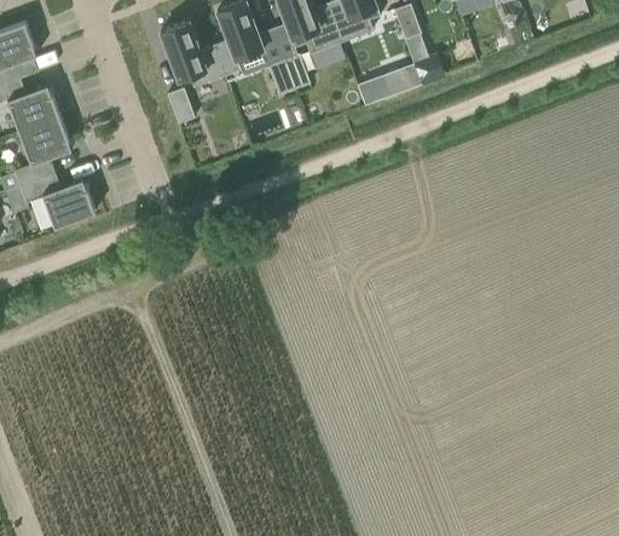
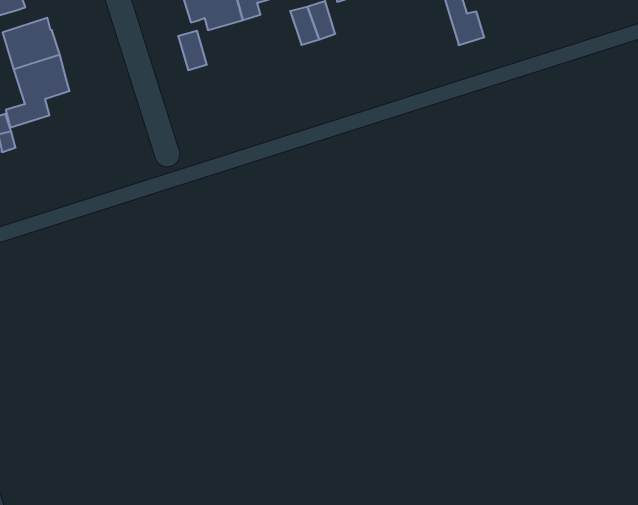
building: [381,63,422,97] -> none
building: [42,178,96,226] -> none

